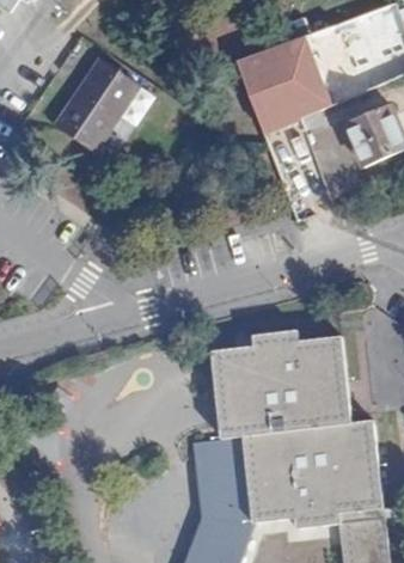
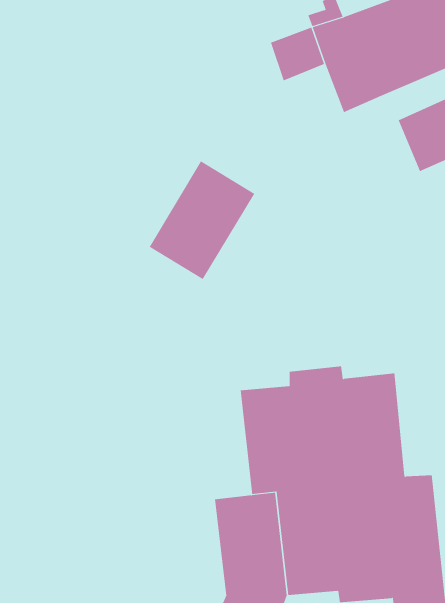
building: [55,54,143,153] -> [149,161,255,280]
building: [249,79,299,135] -> none

